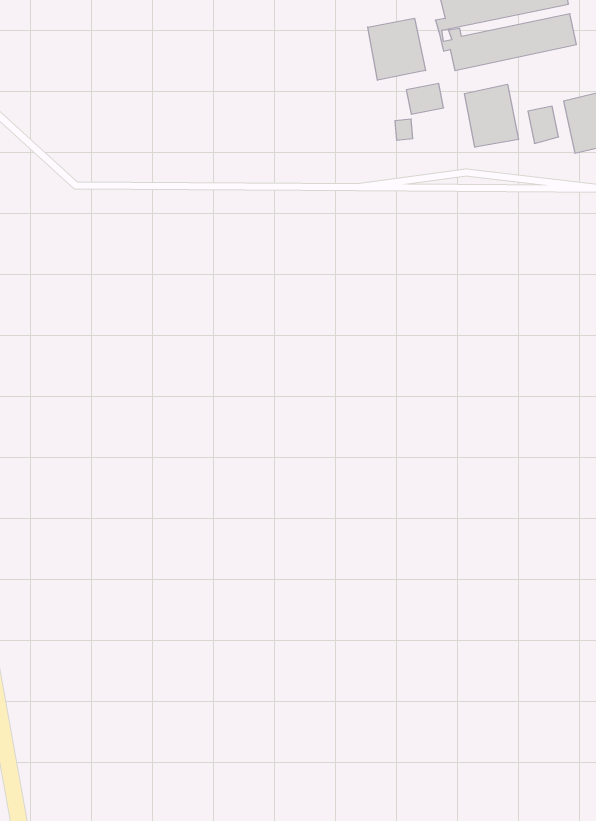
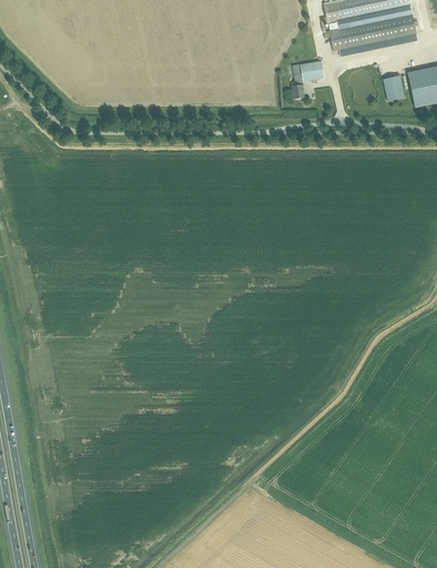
building: [368,18,426,80] -> none
building: [464,84,518,147] -> none

